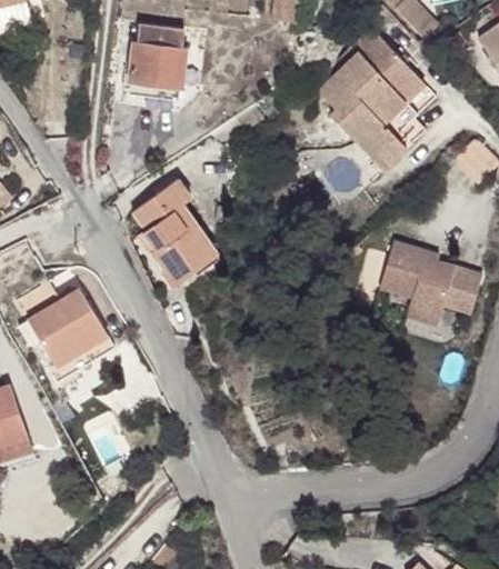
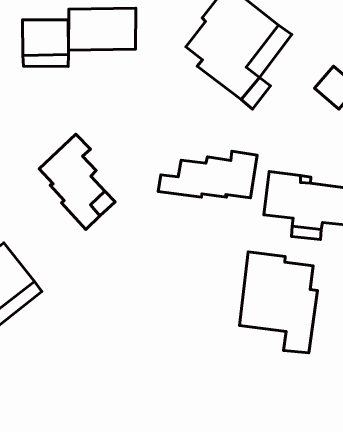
building: none -> [69,8,136,50]
building: none -> [158,151,257,198]
building: none -> [239,252,318,353]

